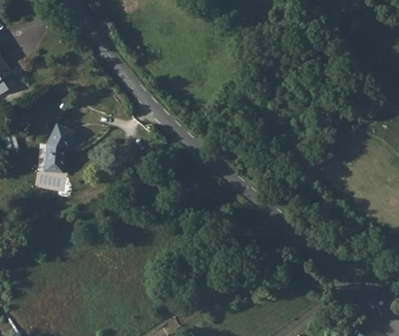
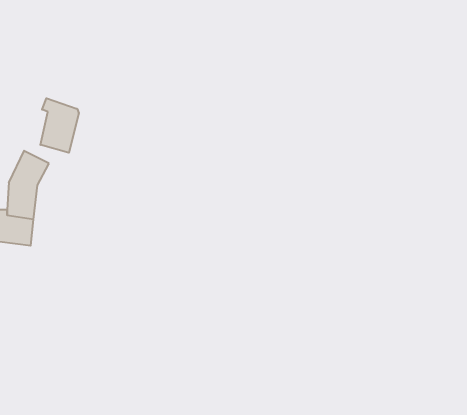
building: none -> [40,98,79,153]

